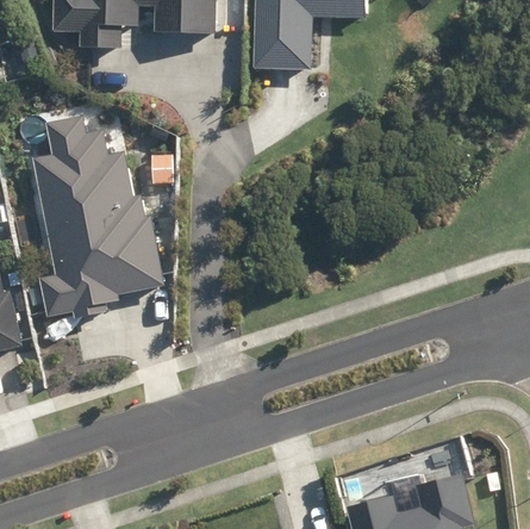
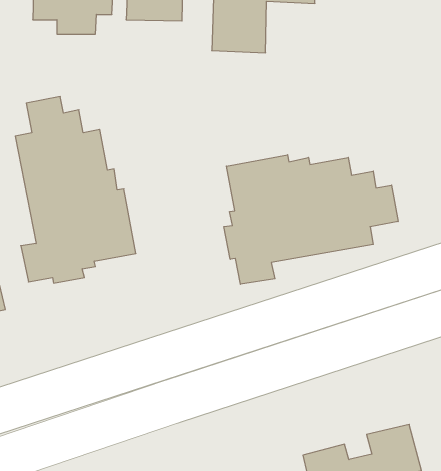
building: none -> [224,155,398,284]

